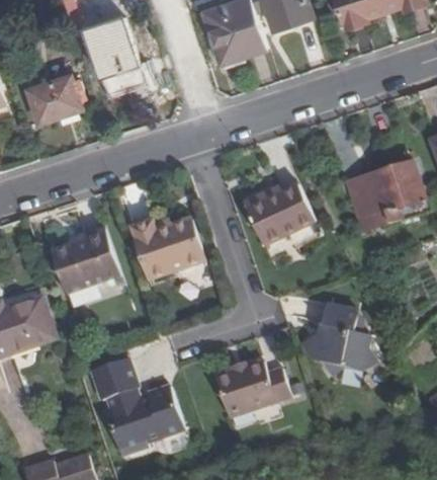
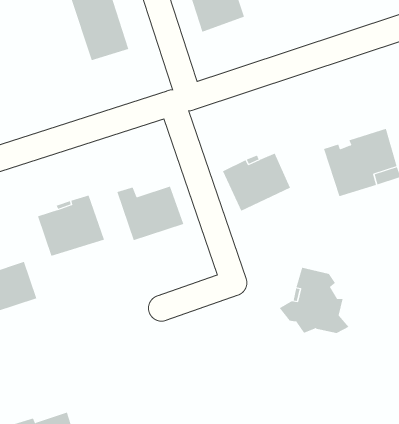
building: [25,65,82,119] -> none
building: [89,356,182,454] -> none
building: [210,363,287,418] -> none

